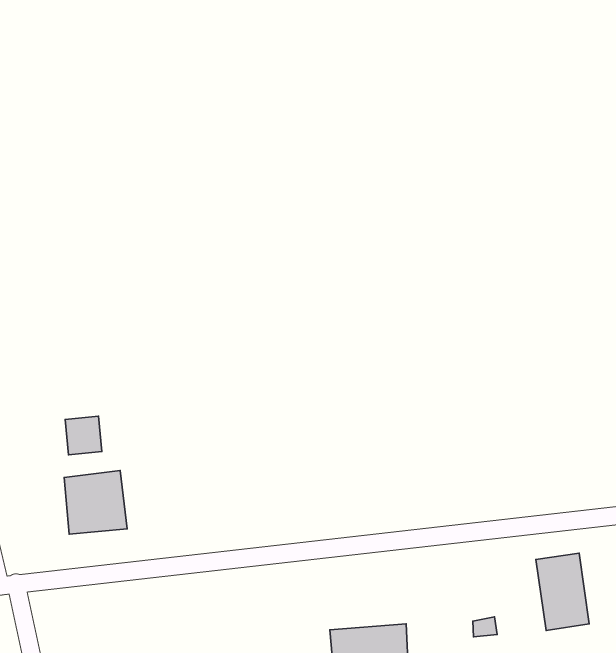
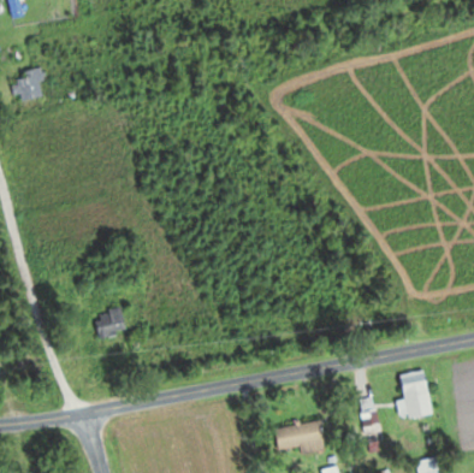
building: [64,470,127,534] -> none

